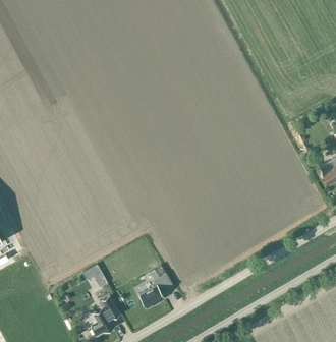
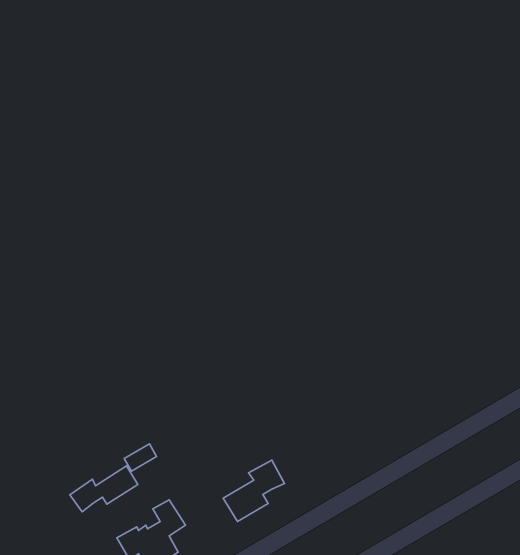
building: none -> [70,466,138,512]

